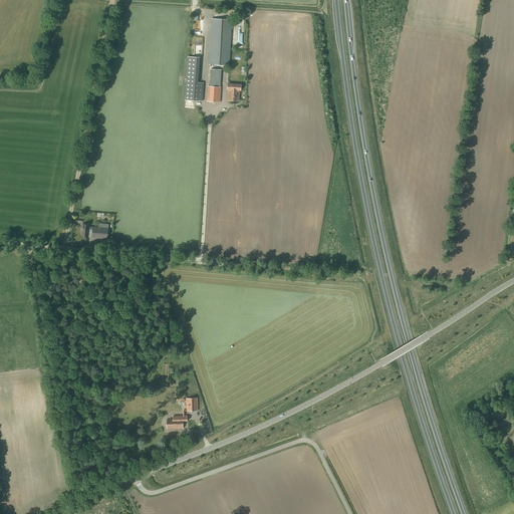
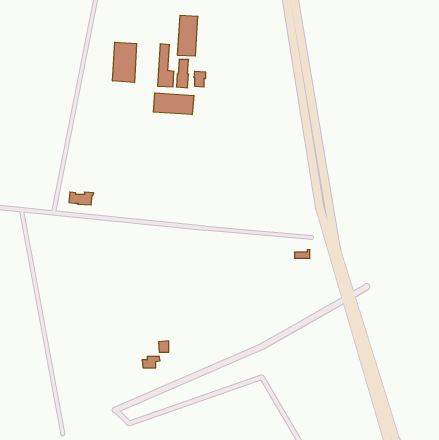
building: none -> [113,42,137,83]
building: none -> [153,93,194,115]

